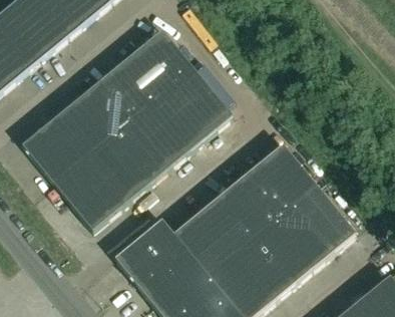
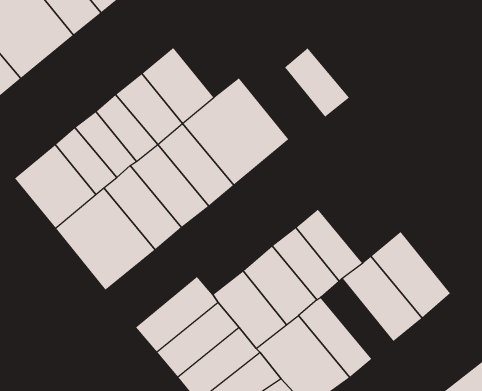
building: [143,30,193,83] -> [284,48,350,117]
building: [254,144,317,210] -> none
building: [256,222,311,283] -> none

